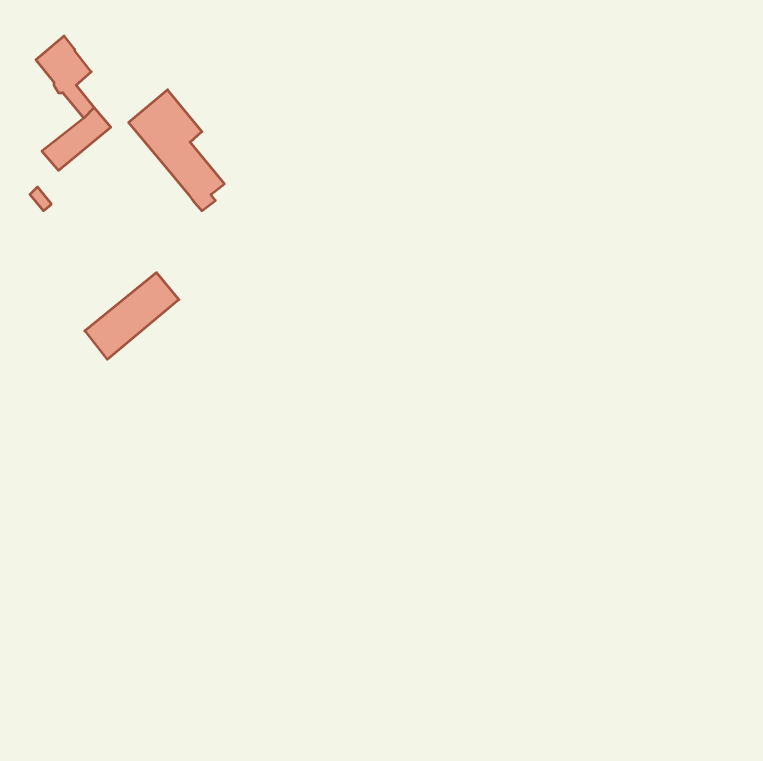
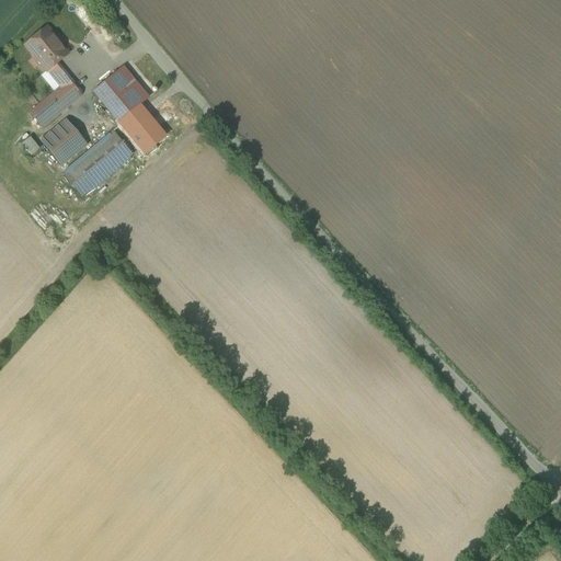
building: none -> [44,119,84,159]
building: [85,273,179,359] -> [70,123,139,186]

